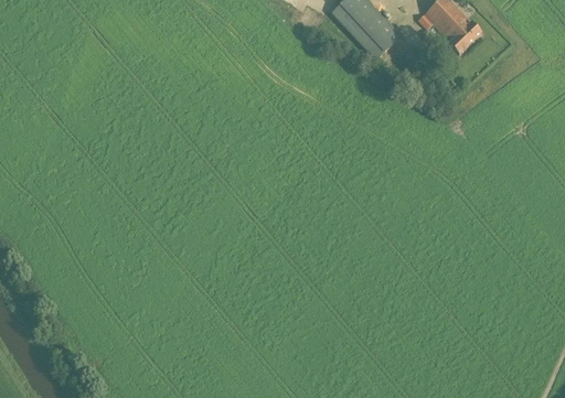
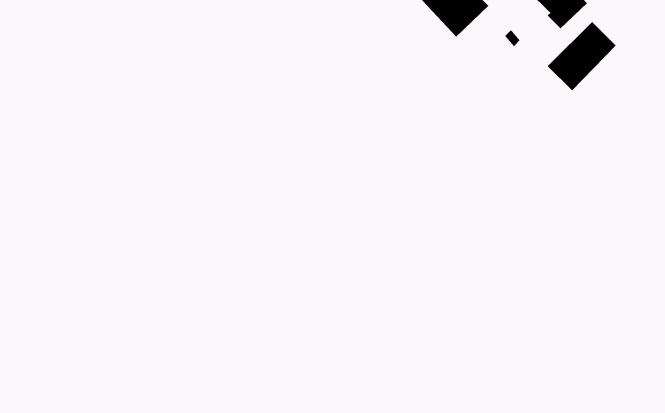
building: none -> [547,21,617,91]

